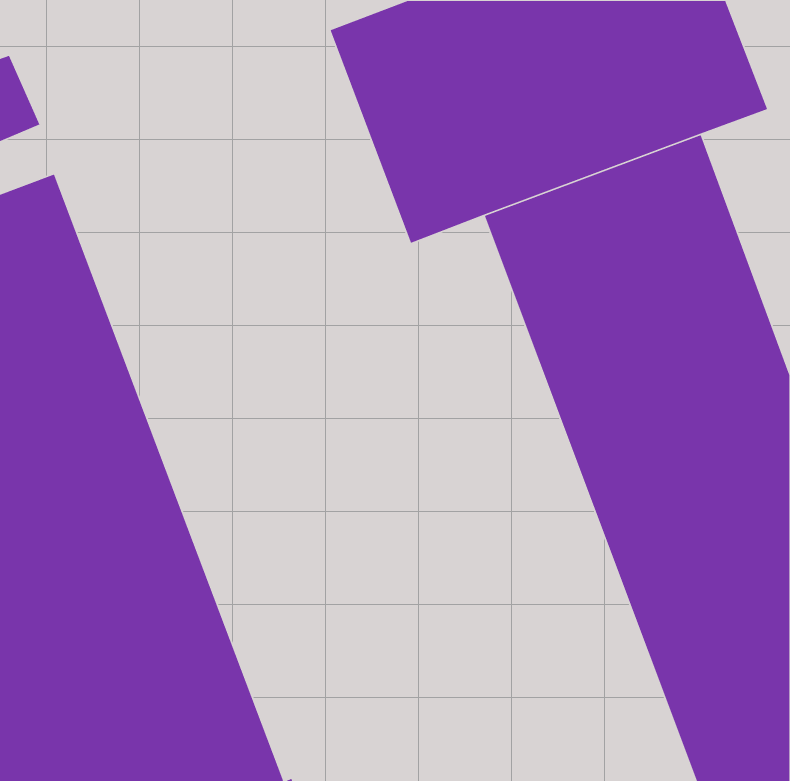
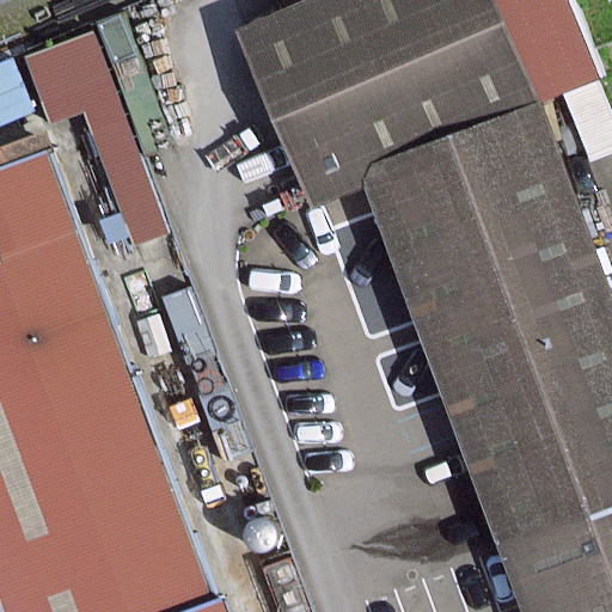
building: none -> [20,27,152,245]

